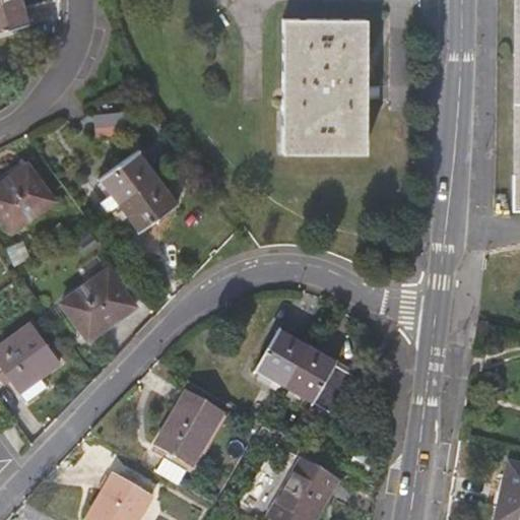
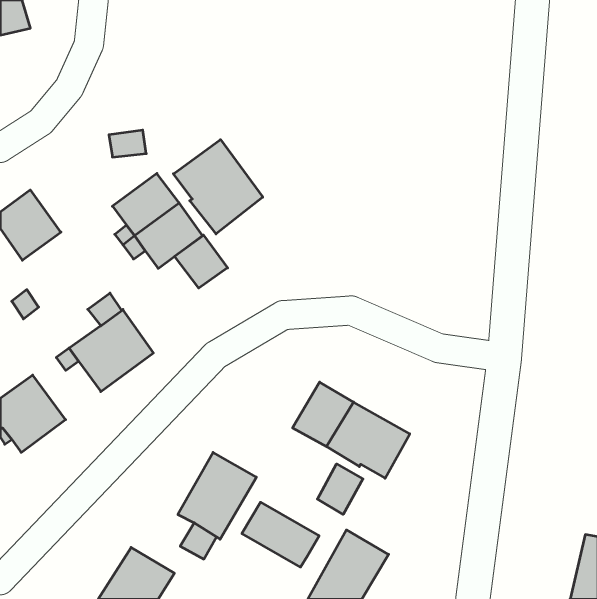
building: [282,18,366,152] -> none
building: none -> [173,140,263,234]
building: none -> [175,235,228,288]
building: none -> [317,464,363,514]
building: none -> [242,502,319,567]

